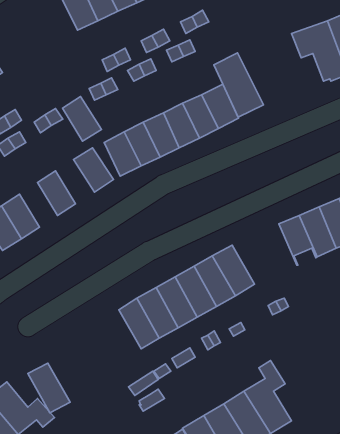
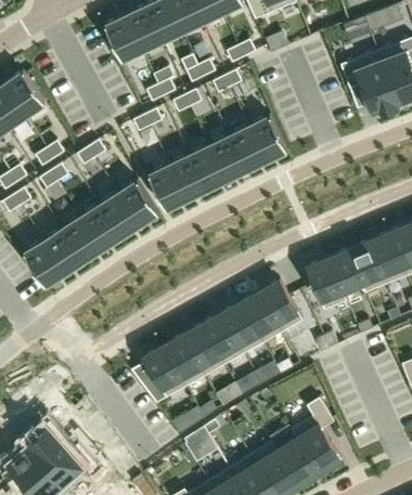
building: [214,53,263,117] -> none
building: [62,97,102,141] -> [98,193,138,238]
building: none -> [61,217,100,262]
building: none -> [306,259,345,310]
building: [28,363,70,413] -> [142,347,185,398]

